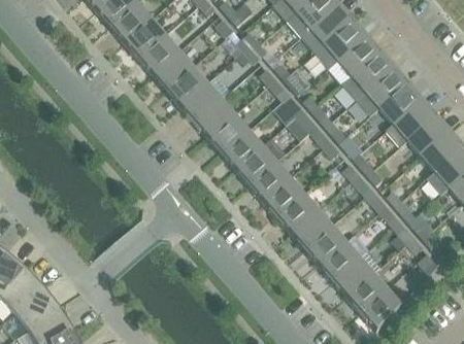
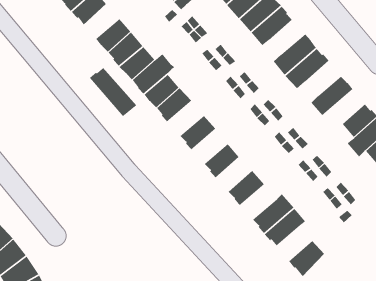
building: [125,18,166,58] -> none
building: [338,36,379,75] -> none
building: [379,82,421,123] -> none
building: none -> [89,67,137,117]
building: [407,115,449,156] -> none
building: [221,129,263,169] -> none
building: [248,161,291,201] -> none
building: [276,193,319,233] -> none
building: [304,219,353,265] -> none
building: [346,272,388,312] -> none

